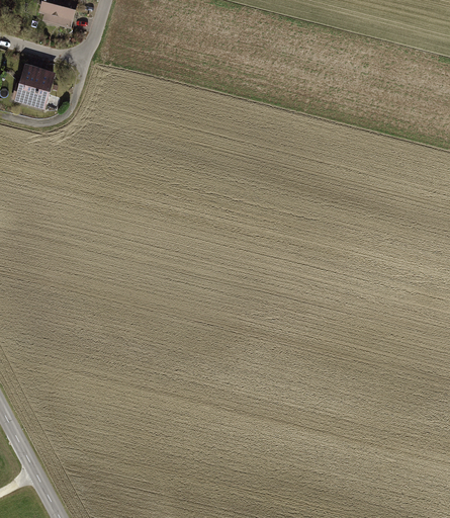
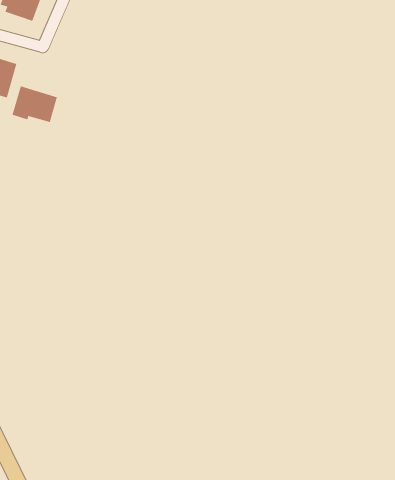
building: none -> [12,86,58,123]

